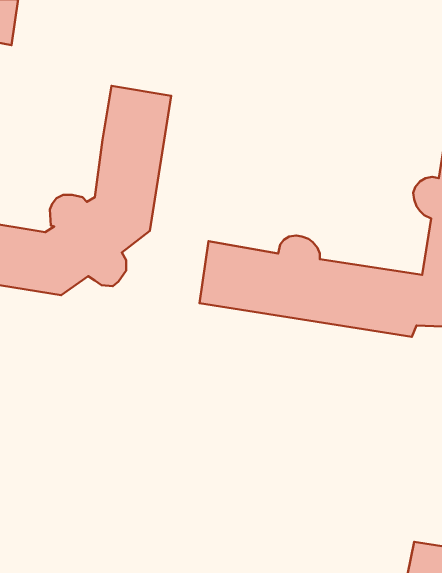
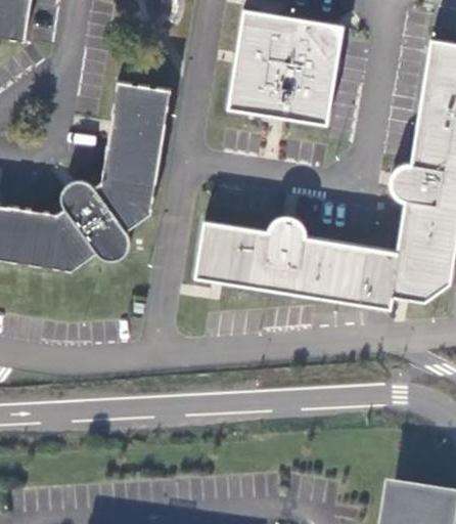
building: none -> [230,10,341,121]

